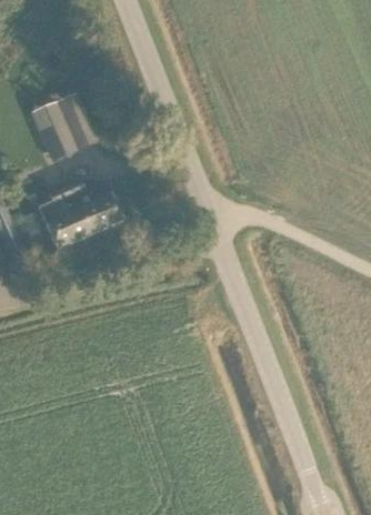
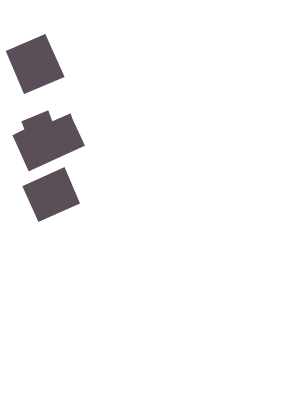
building: none -> [22,166,81,223]

